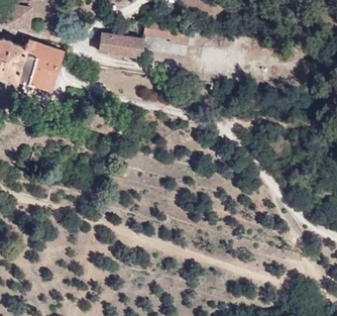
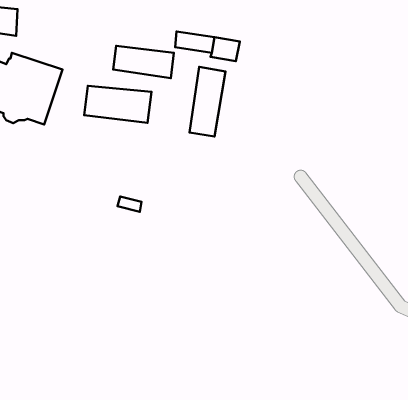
building: none -> [190,67,225,137]
building: none -> [84,86,151,123]

